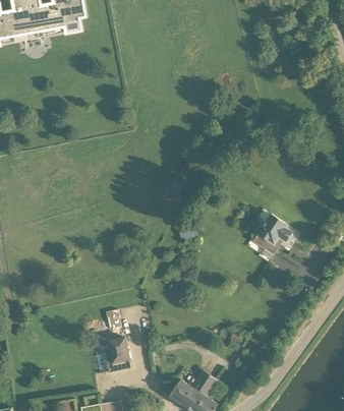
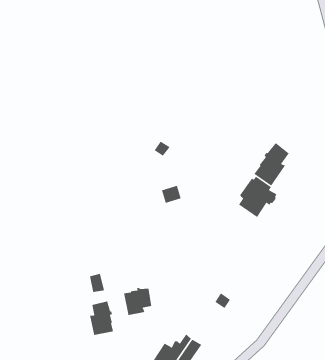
building: none -> [253,142,289,186]
building: none -> [123,287,152,316]

